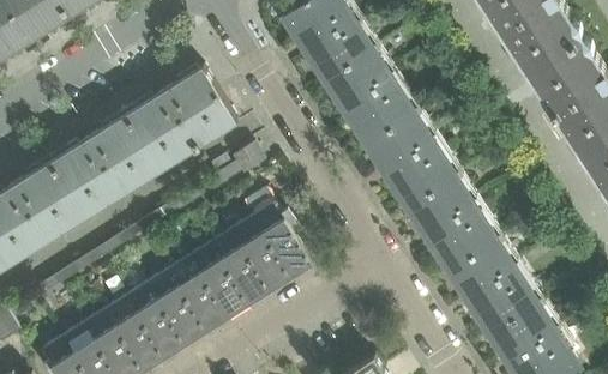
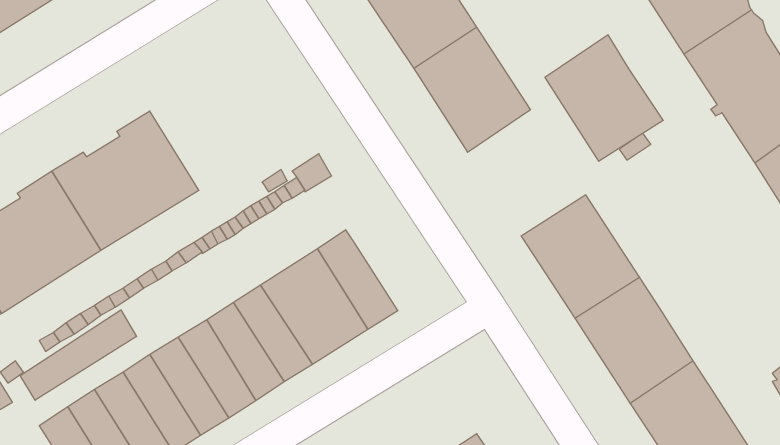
building: [124,70,235,174] -> none
building: [365,113,455,209] -> [545,35,663,161]
building: none -> [20,310,137,400]

